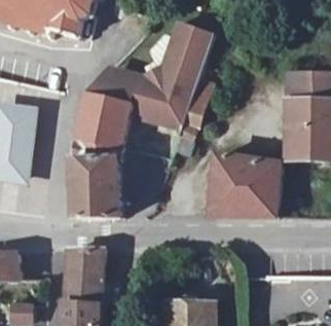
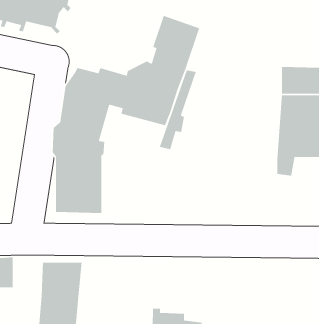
building: [215,150,279,213] -> none

